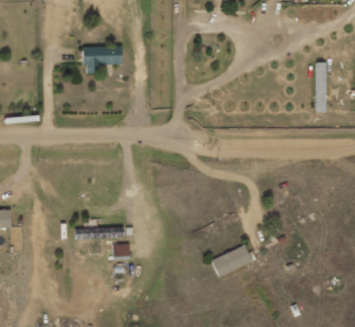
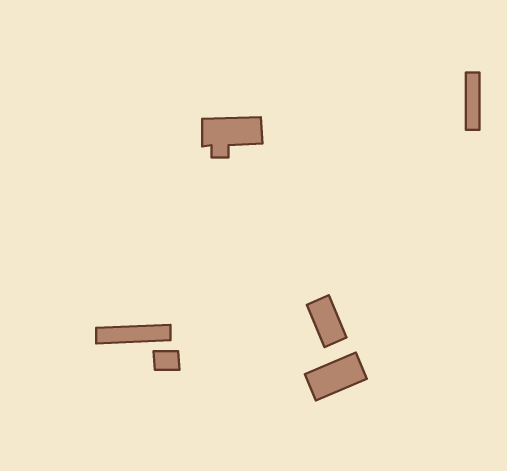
building: [83,46,122,73] -> [202,117,262,157]
building: none -> [307,295,347,347]

